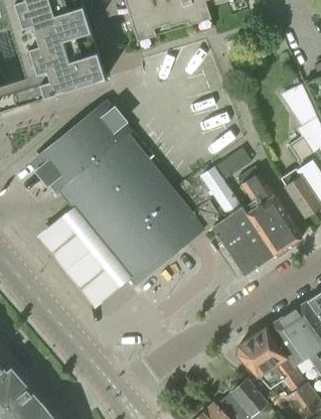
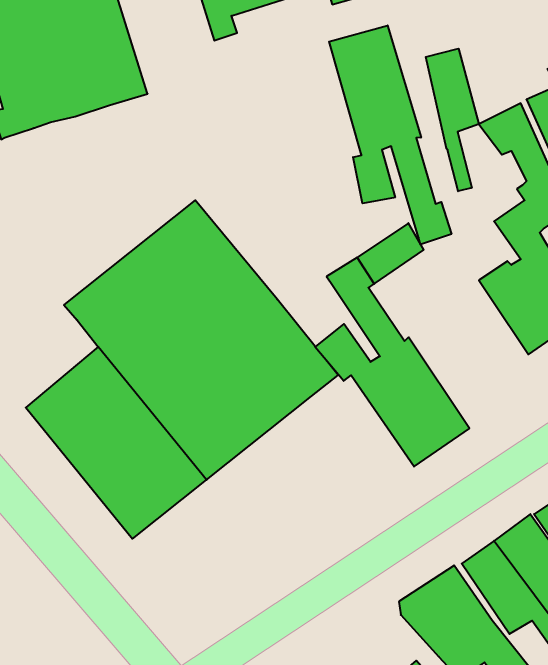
building: none -> [329,25,451,244]
building: none -> [426,49,479,191]
building: [42,111,130,190] -> none
building: [242,173,302,256] -> none

